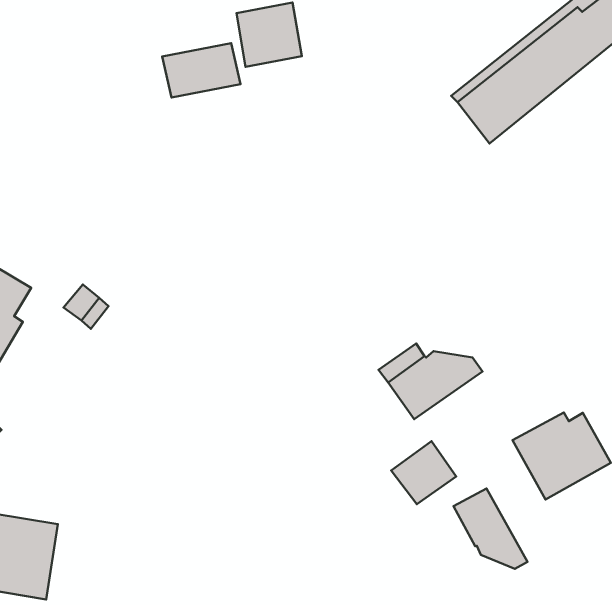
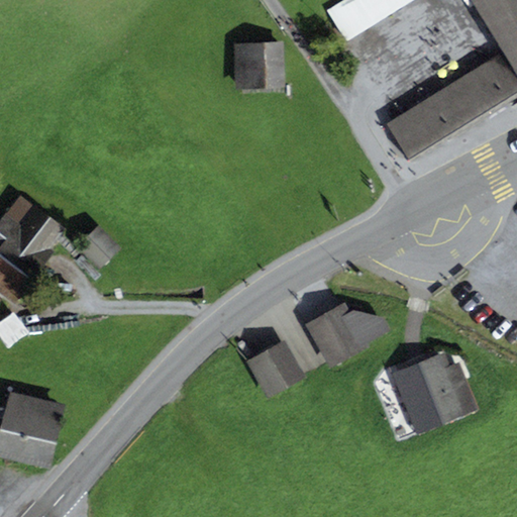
building: [162,43,241,97] -> none
building: [391,441,456,504] -> [251,345,299,391]
building: [453,488,527,569] -> none

